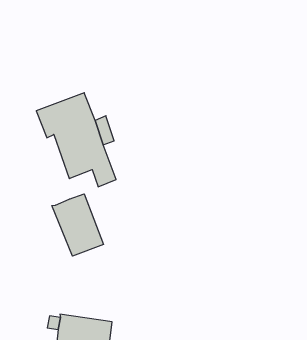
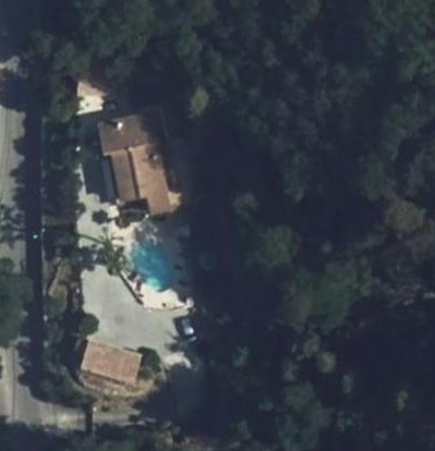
building: [52,194,104,256] -> none

